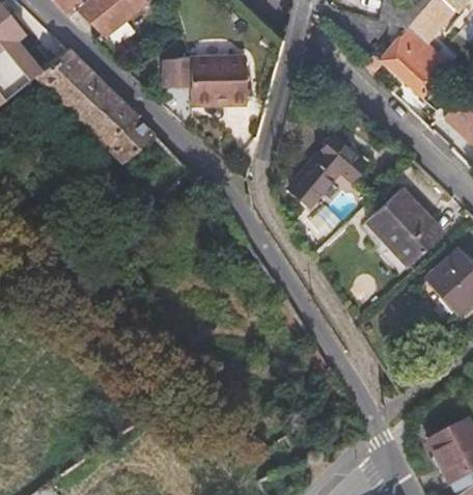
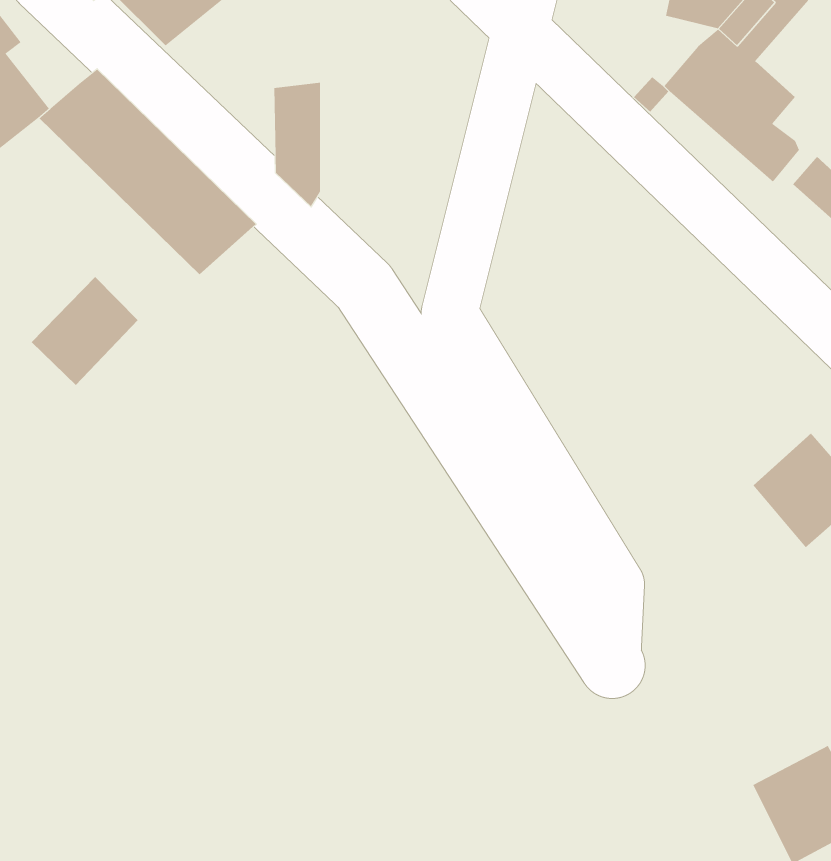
building: [190,55,247,102] -> none
building: [288,135,365,204] -> none
building: none -> [31,276,139,386]
building: [365,187,444,266] -> none

